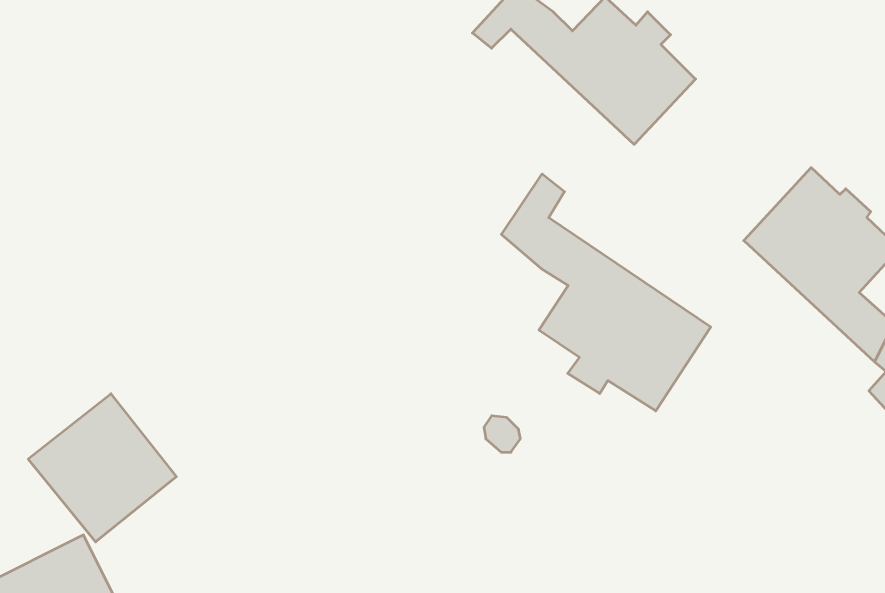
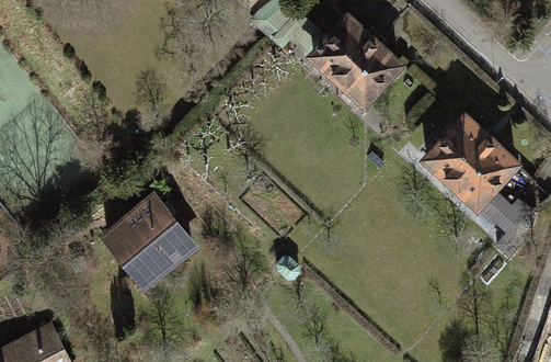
building: [501,174,711,411] -> none
building: [28,394,176,542] -> [107,197,192,282]

